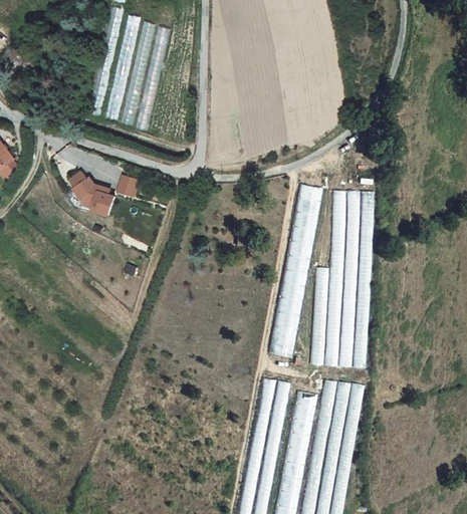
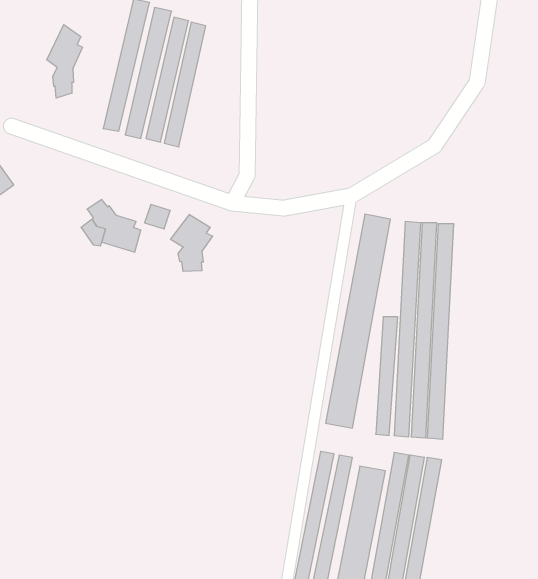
building: none -> [47,25,83,98]
building: none -> [171,214,213,271]

